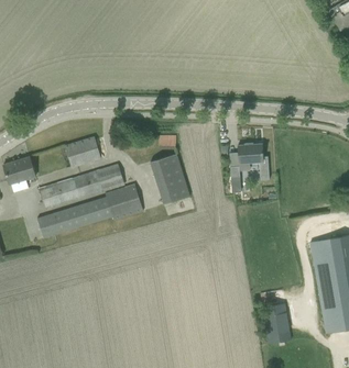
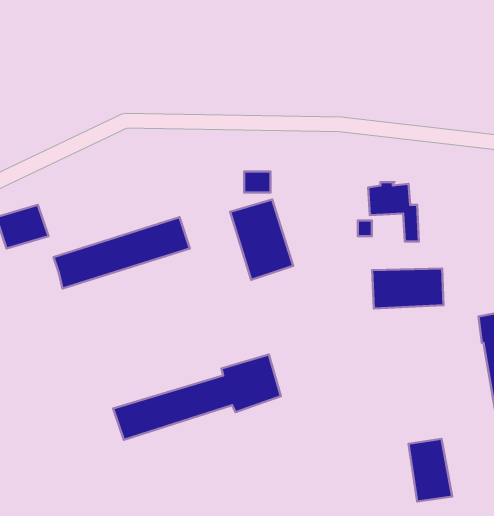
building: [65,136,101,166] -> none
building: [37,183,143,237] -> [113,354,281,440]
building: none -> [372,269,444,308]

